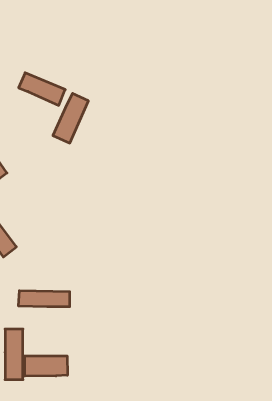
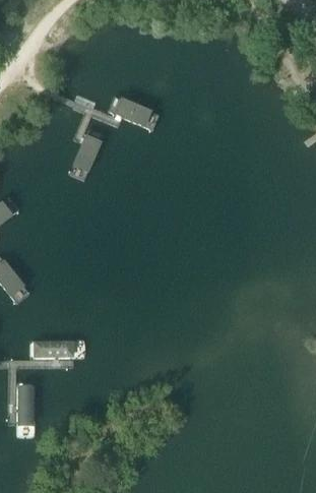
building: [19,73,65,105] -> [108,95,159,130]
building: [25,356,67,376] -> none

